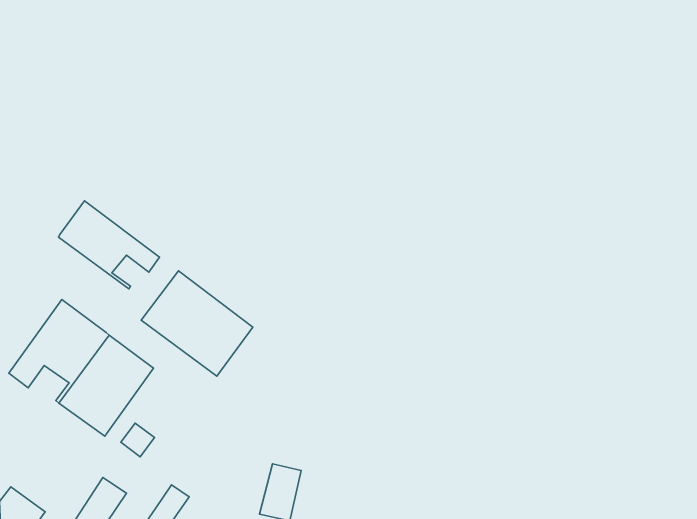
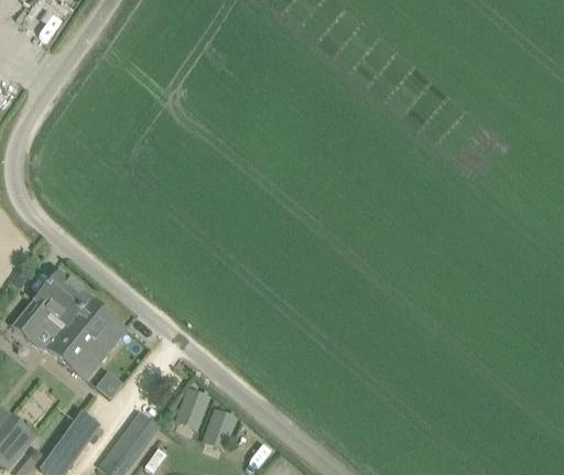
building: [59,201,159,289] -> none
building: [141,271,253,376] -> none
building: none -> [176,389,212,434]

